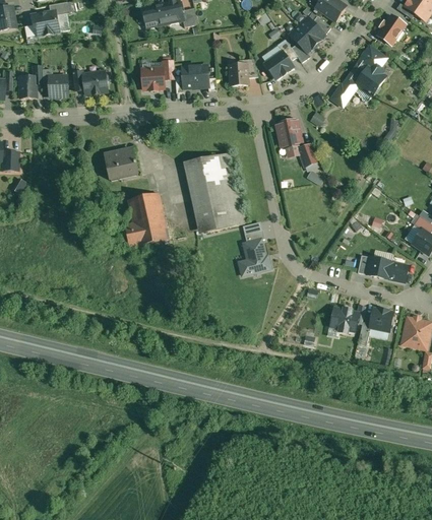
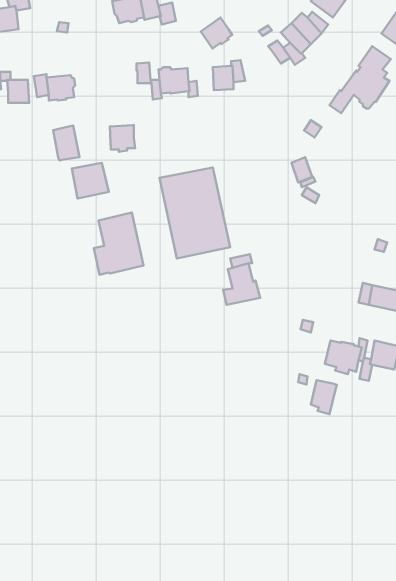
building: [264,51,292,78] -> [201,18,232,49]
building: [141,67,164,90] -> [110,125,135,152]
building: none -> [53,126,79,160]
building: [276,119,300,146] -> none
building: none -> [311,380,337,414]

